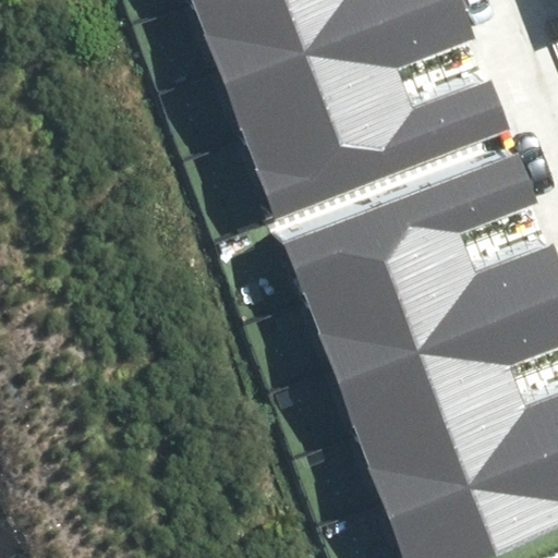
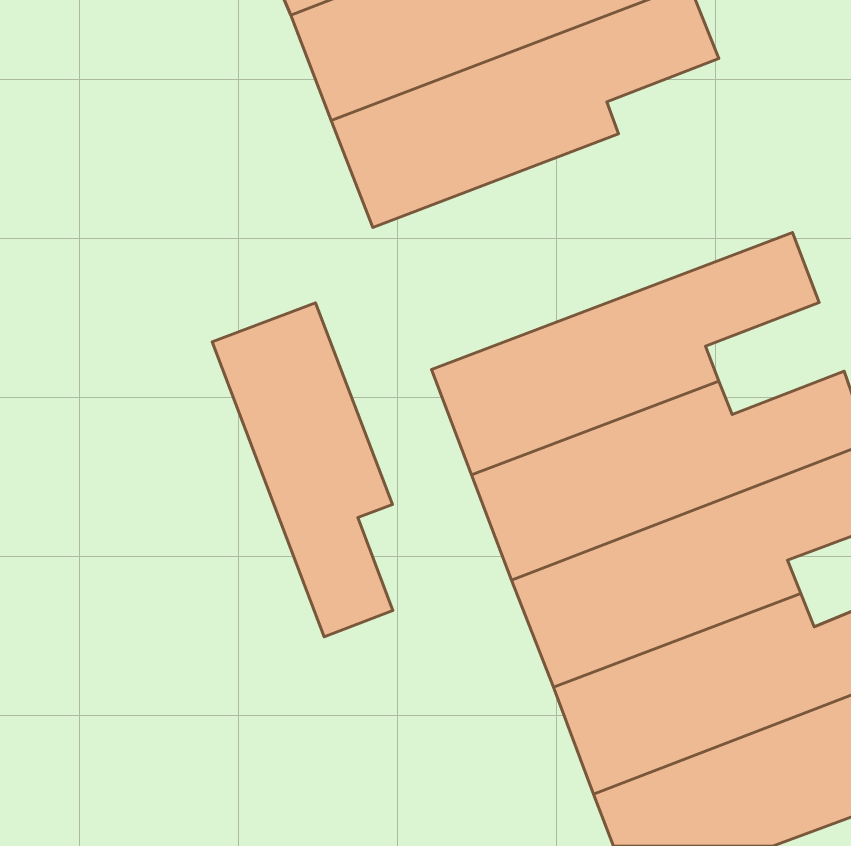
building: [245,82,507,220] -> none
building: none -> [212,303,393,637]

